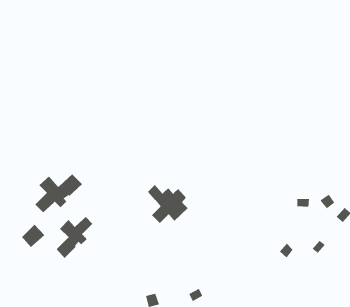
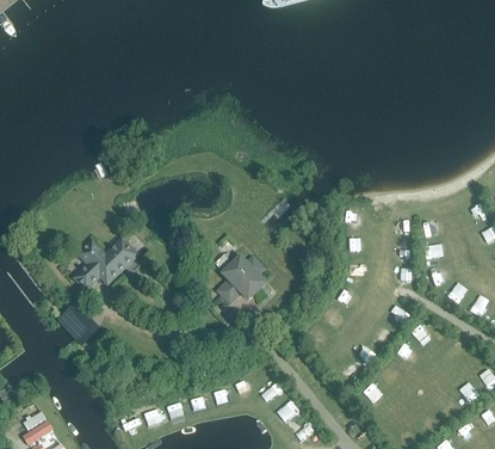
building: [56,216,93,259] -> none

